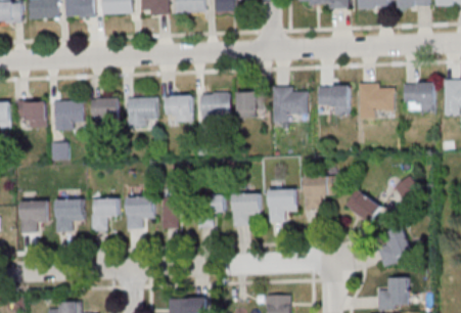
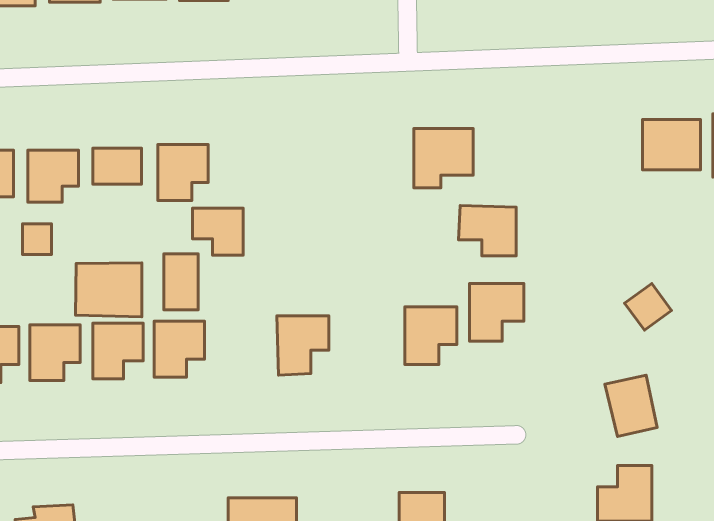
building: [359,84,395,118] -> none
building: [317,85,350,114] -> [458,205,516,256]
building: [237,92,263,118] -> none
building: [200,93,227,123] -> none
building: [164,95,192,122] -> [193,208,243,255]
building: none -> [76,263,142,317]
building: [343,190,382,225] -> none
building: [231,193,262,226] -> none
building: [162,196,181,228] -> [164,254,198,310]

